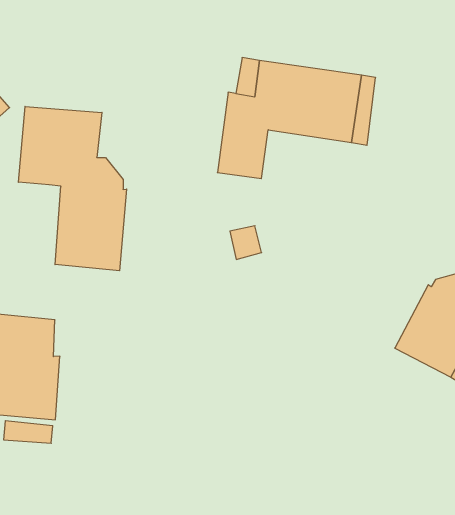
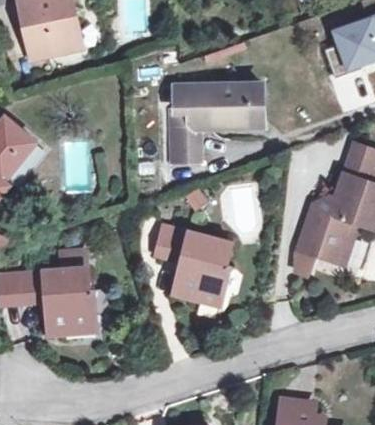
building: [18,106,127,271] -> none
building: none -> [156,226,230,304]

